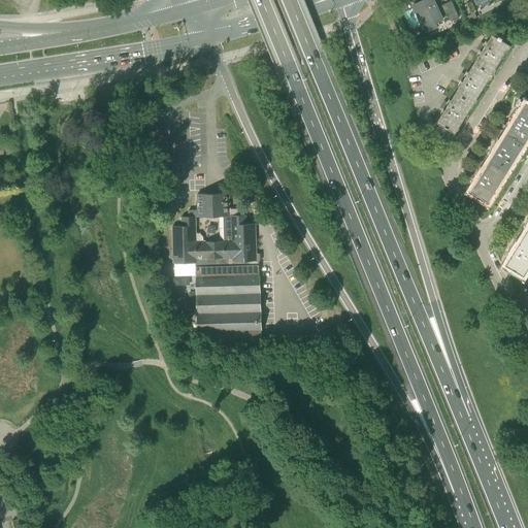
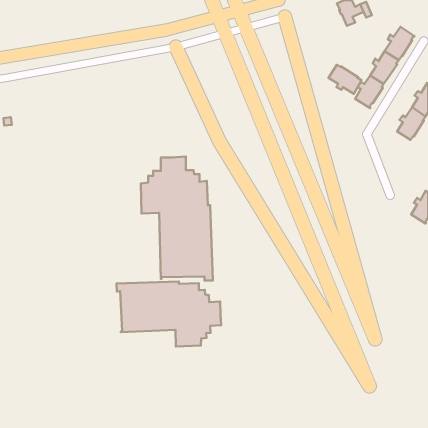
building: none -> [329,65,362,94]
building: [470,162,505,202] -> none
building: none -> [116,281,221,346]

